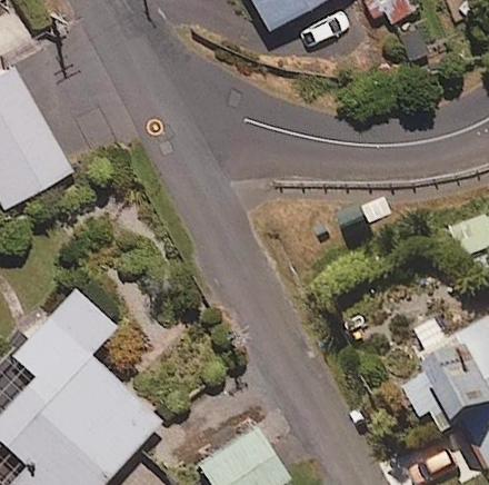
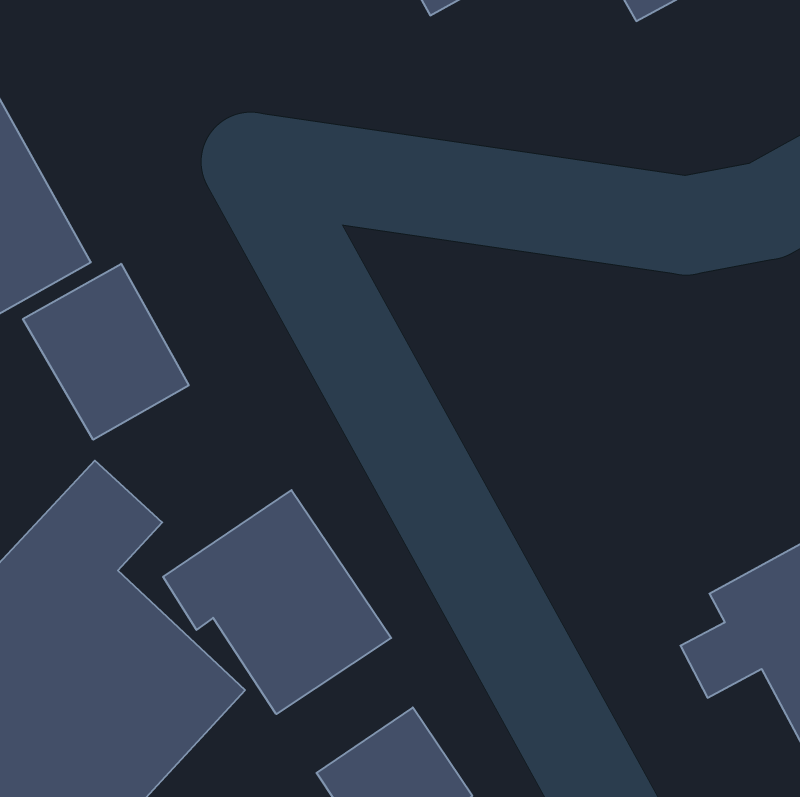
building: none -> [23,264,189,440]
building: none -> [163,490,391,714]

